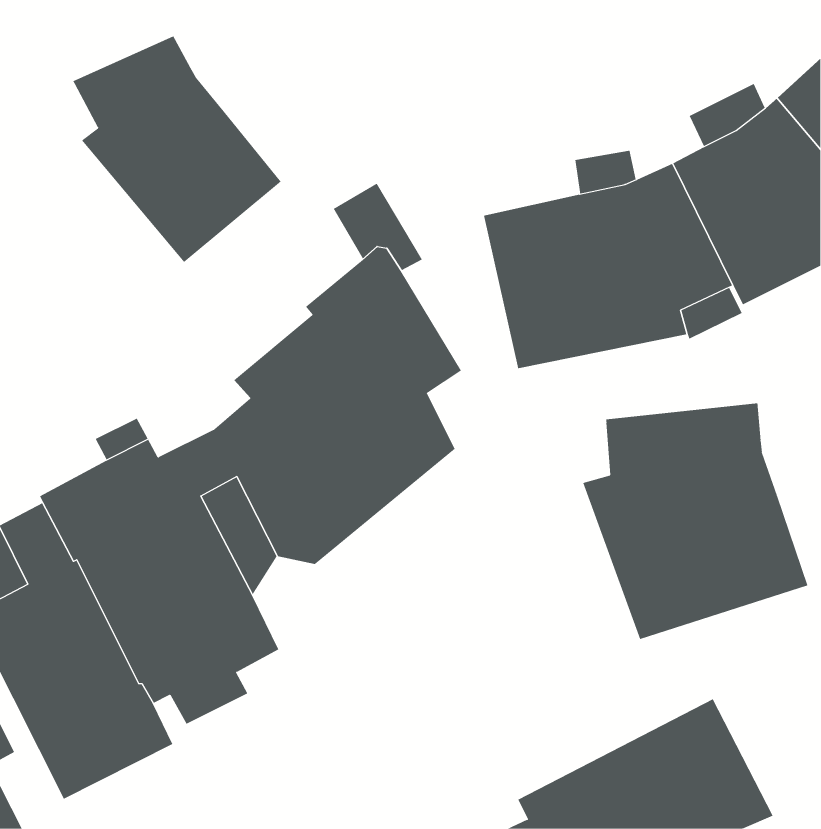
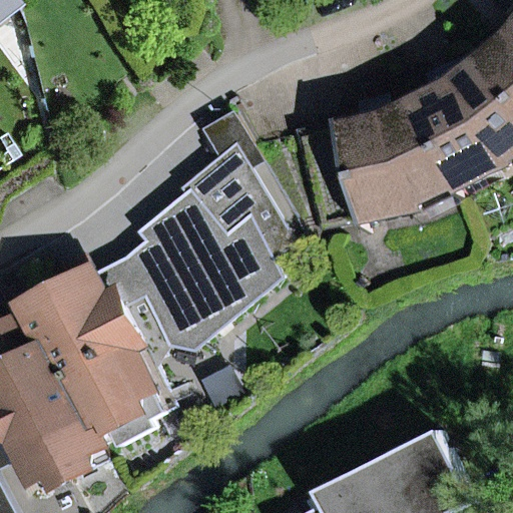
building: [73,36,282,263] -> none
building: [582,403,808,640] -> none

